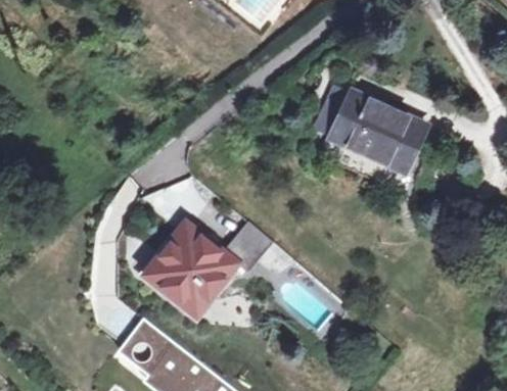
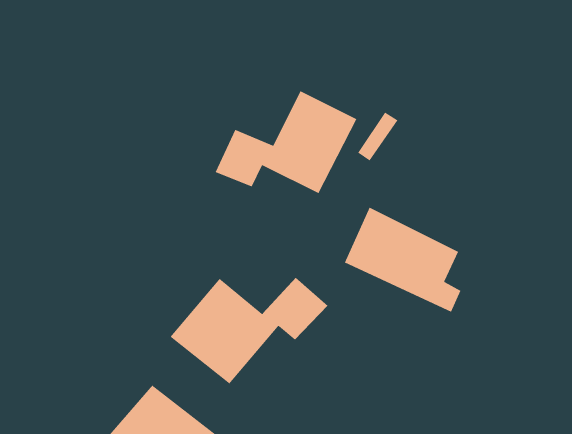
building: none -> [215,90,358,194]
building: [333,92,429,179] -> [344,206,462,313]

